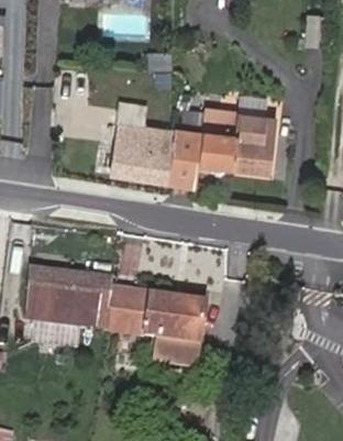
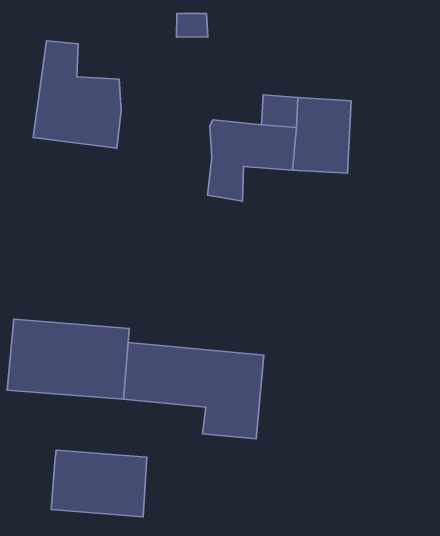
building: [110,104,173,183] -> [33,41,121,148]
building: none -> [51,450,147,517]

